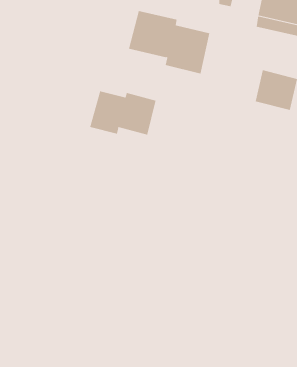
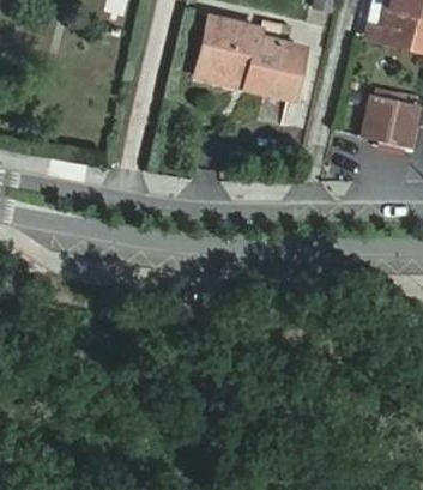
building: [89,90,156,135] -> none

